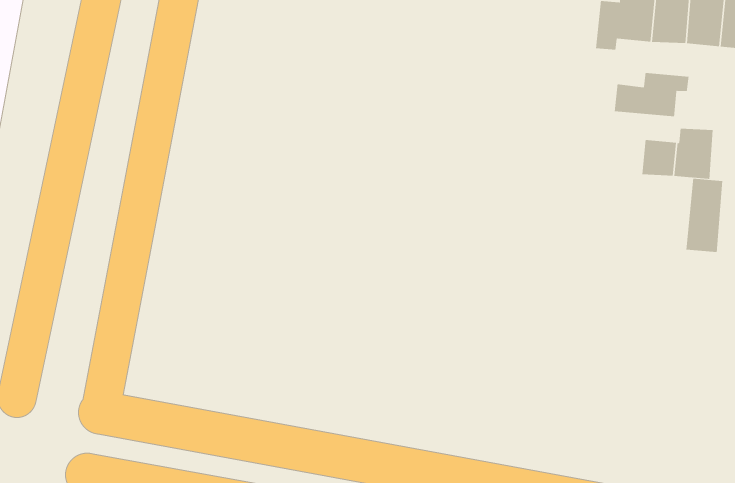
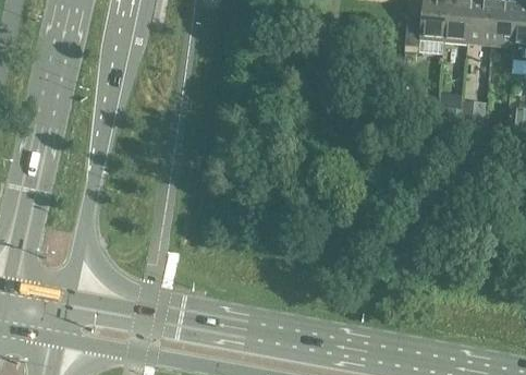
building: [614,72,689,117] -> none
building: [686,178,723,253] -> none

